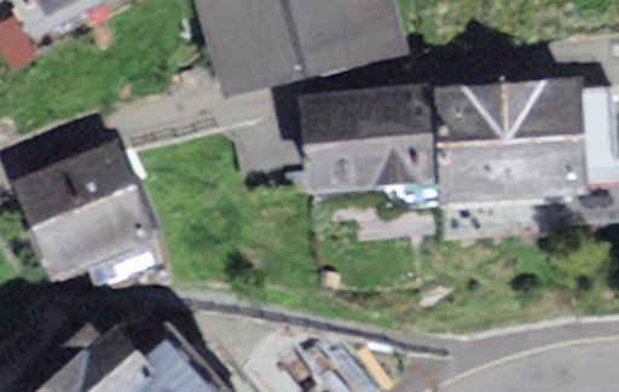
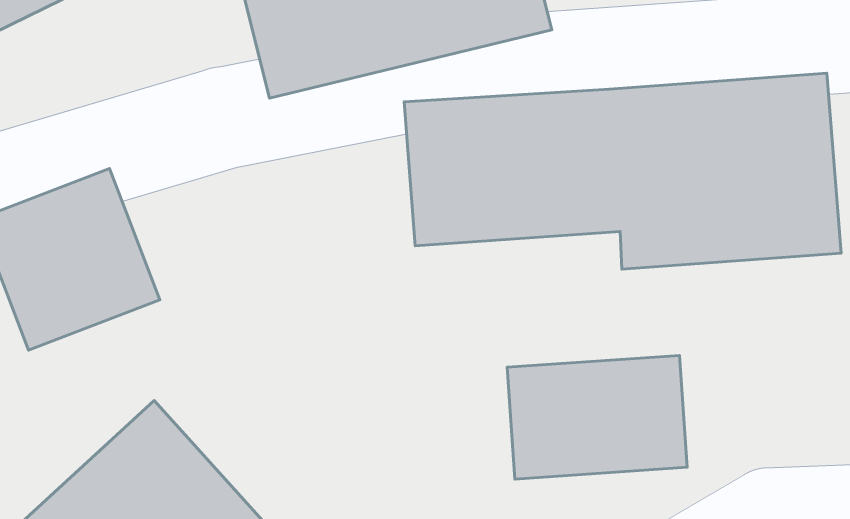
building: none -> [507,355,687,479]

